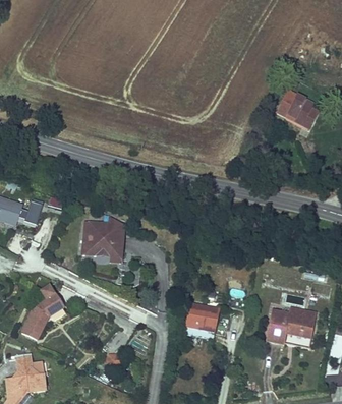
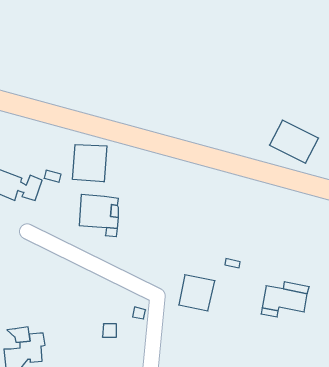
building: [274,86,324,130] -> [269,120,319,163]
building: none -> [73,145,107,182]
building: [21,285,64,339] -> none

